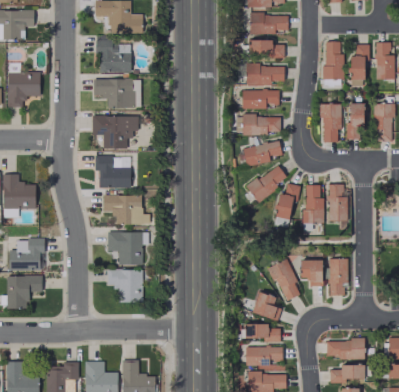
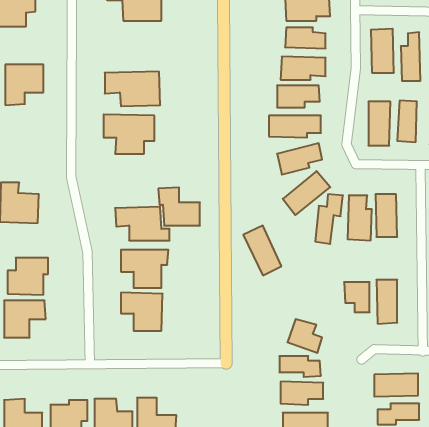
building: [97,35,132,72] -> none
building: [95,155,131,188] -> [158,187,200,226]
building: [269,259,302,302] -> [243,226,281,275]

